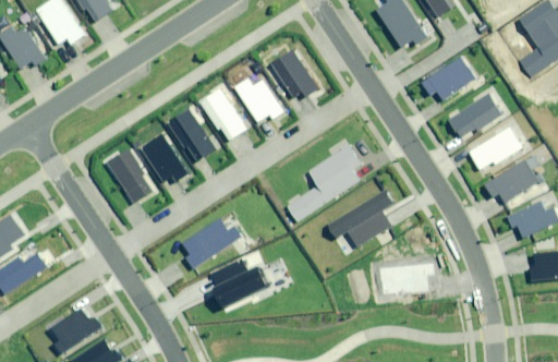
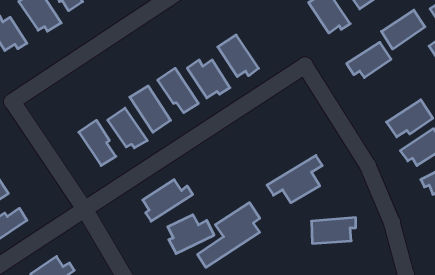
building: [448,94,499,140] -> [381,10,425,49]
building: [288,144,361,220] -> [198,203,260,267]

